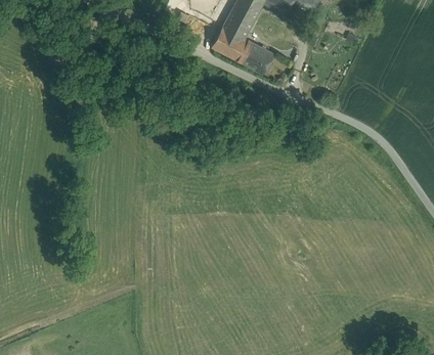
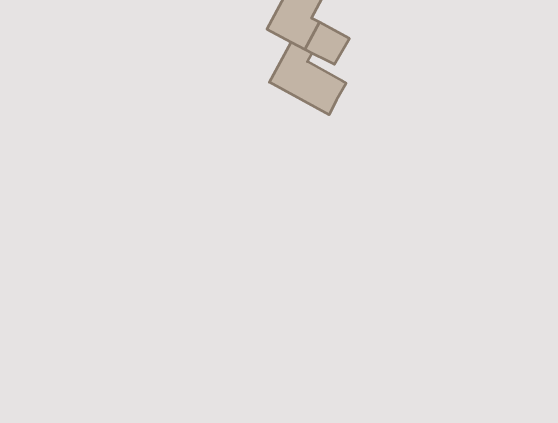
building: none -> [269,42,346,115]

